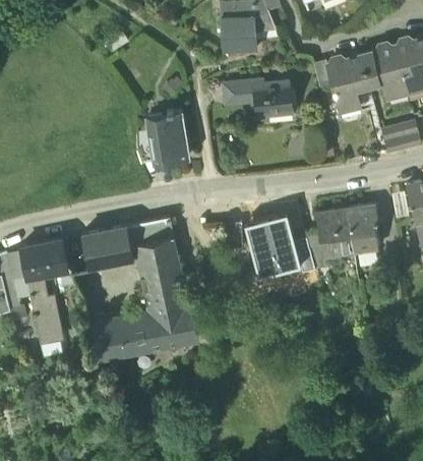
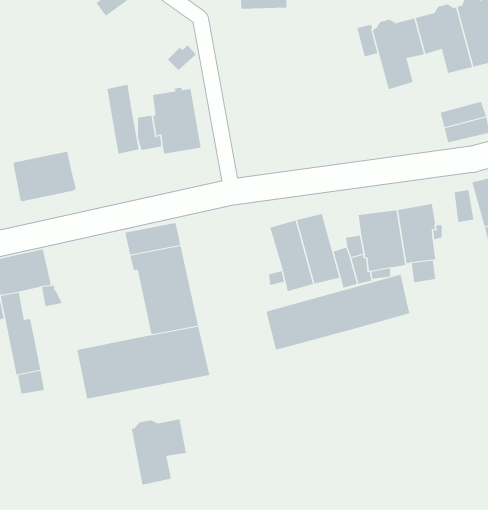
building: [225,80,294,119] -> none
building: none -> [107,84,139,154]
building: [82,228,134,269] -> [12,151,77,202]
building: none -> [266,274,410,350]
building: none -> [131,419,186,485]

